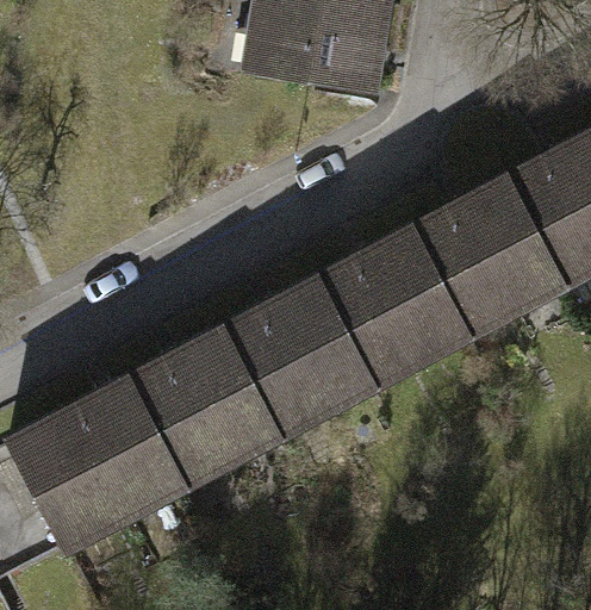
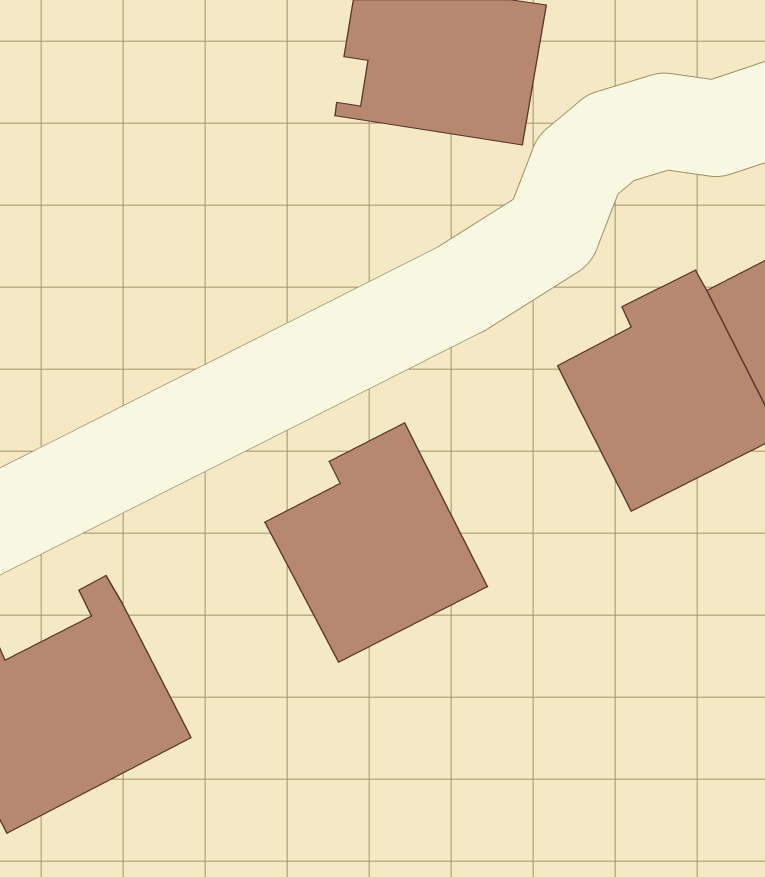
building: [321,225,461,382] -> none
building: [131,329,272,480] -> none

